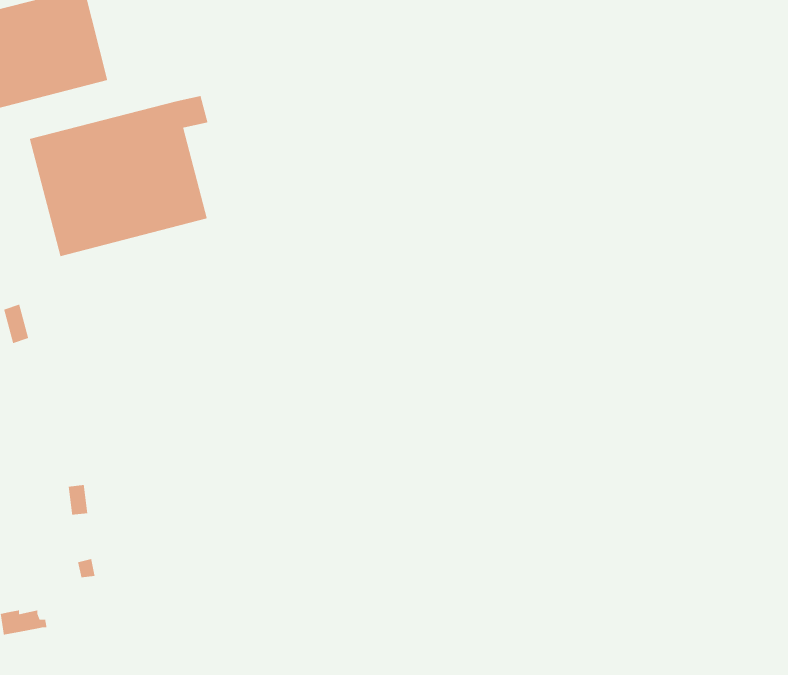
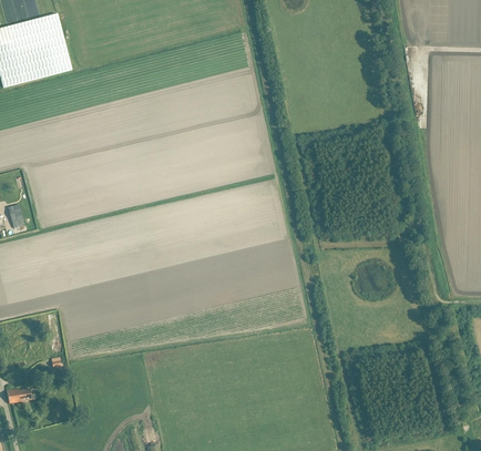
building: [29,95,208,257] -> none

